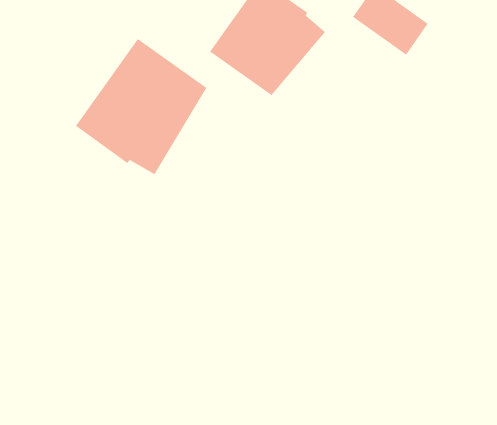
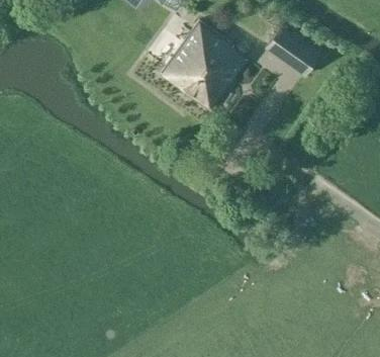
building: [75,38,207,175] -> none

